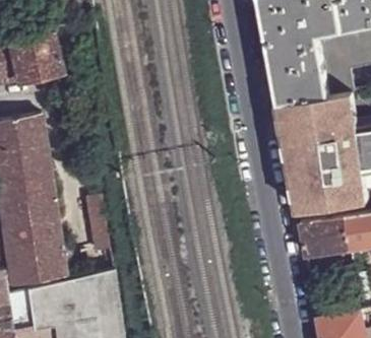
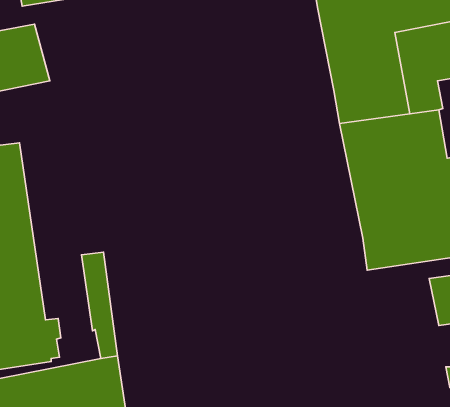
building: [299,217,350,258] -> none

